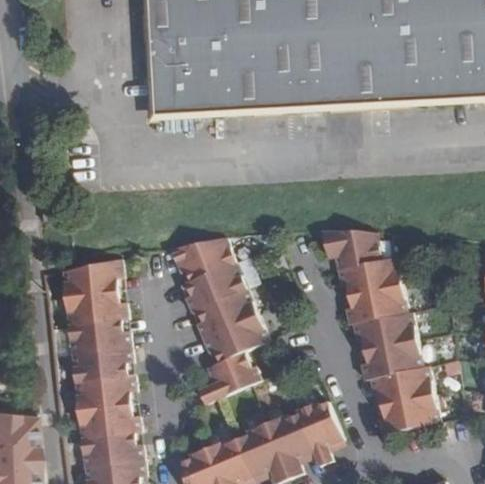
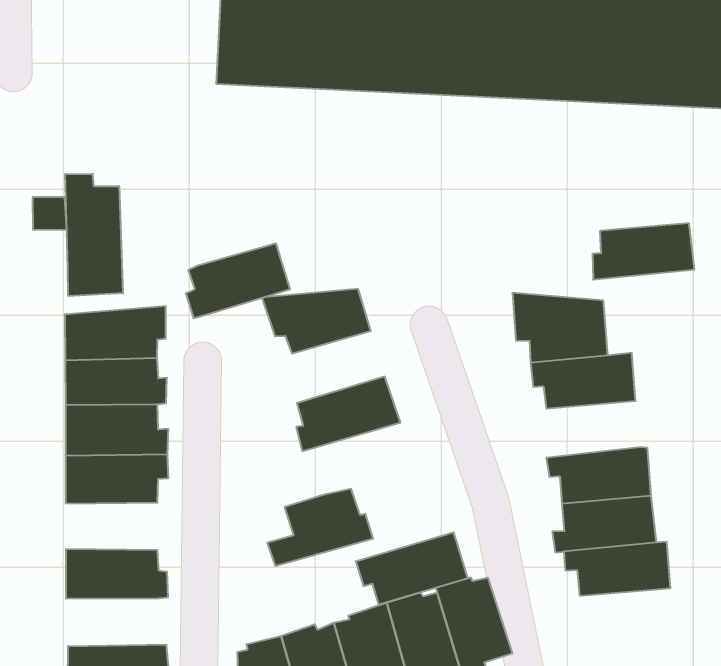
building: none -> [65,174,123,296]
building: [193,258,254,307] -> [186,243,290,318]
building: [348,283,409,322] -> [592,223,694,280]
building: [210,310,277,357] -> [356,533,468,605]
building: [74,371,135,405] -> none
building: [379,391,441,431] -> none
building: [80,428,142,462] -> none

